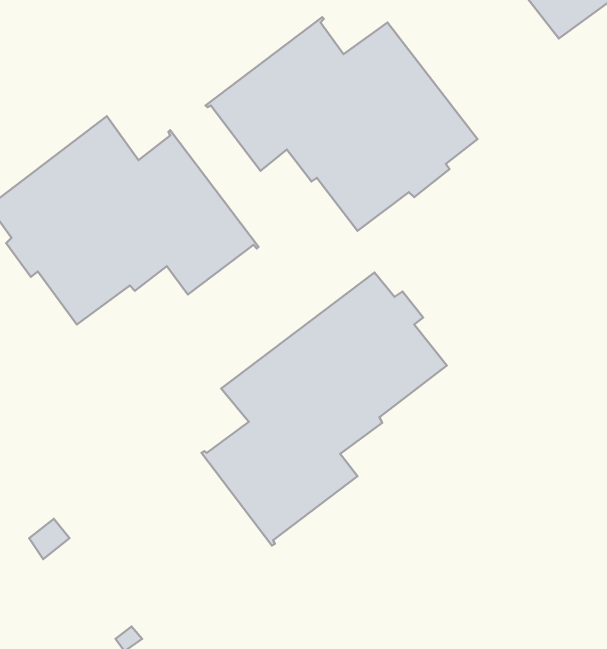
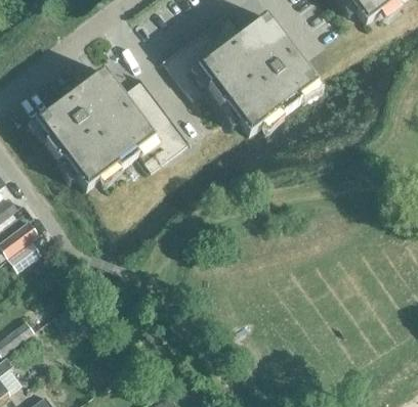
building: [202,273,447,546] -> none

